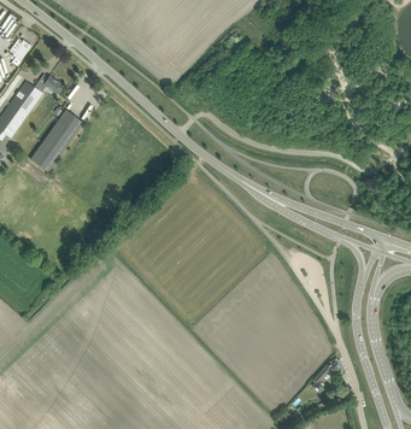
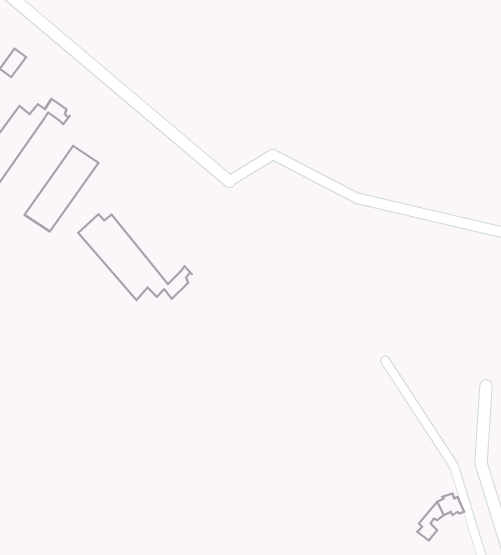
building: none -> [78,214,192,300]

